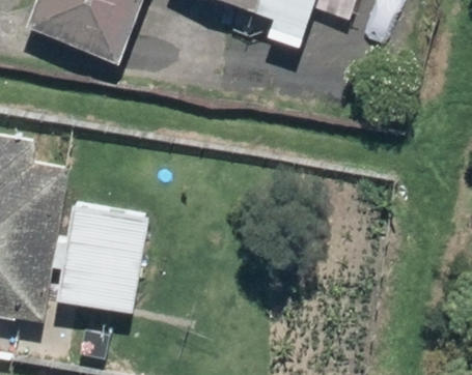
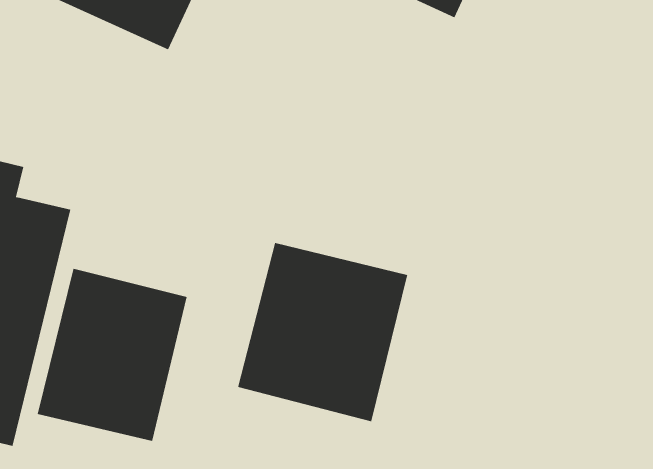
building: none -> [237,242,408,422]

